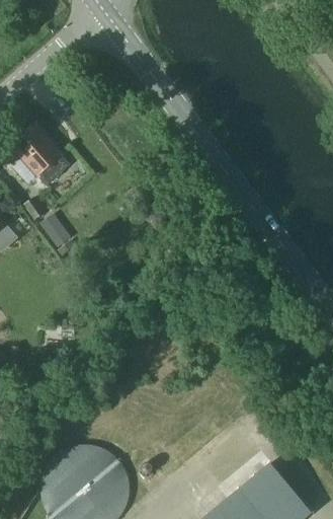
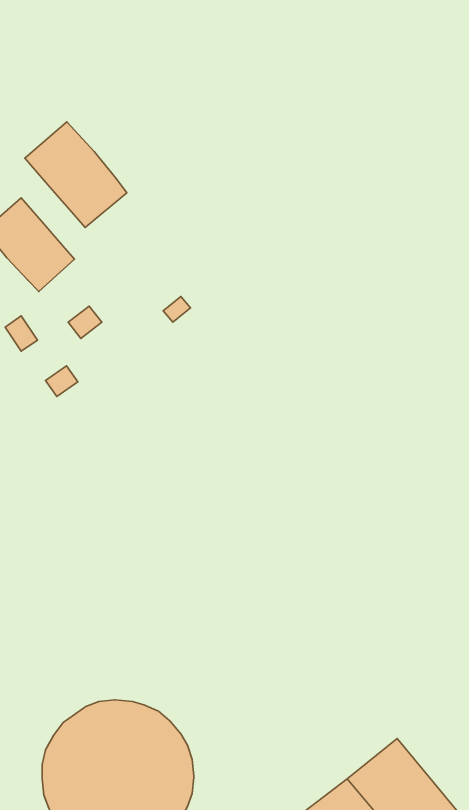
building: none -> [25,122,127,228]

